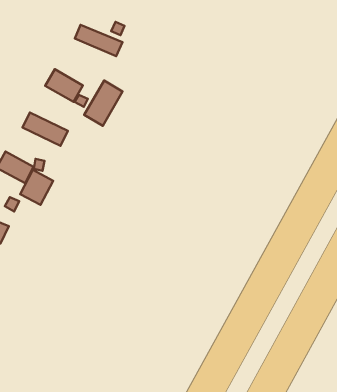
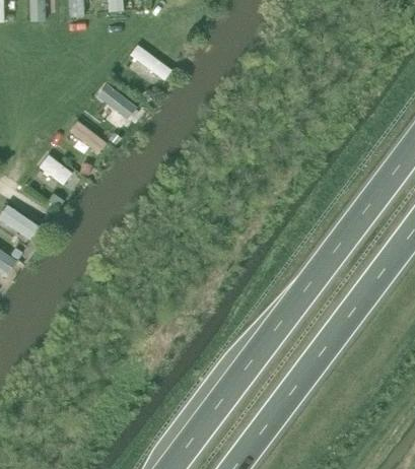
building: [84,81,123,126] -> none
building: [20,170,53,205] -> none

